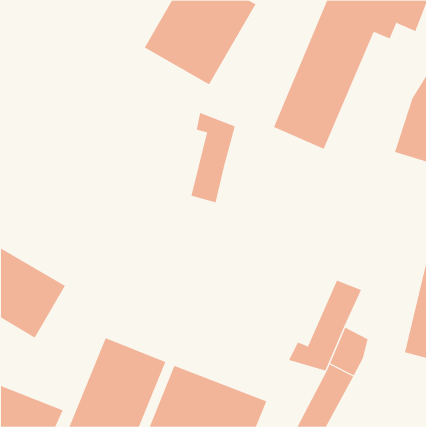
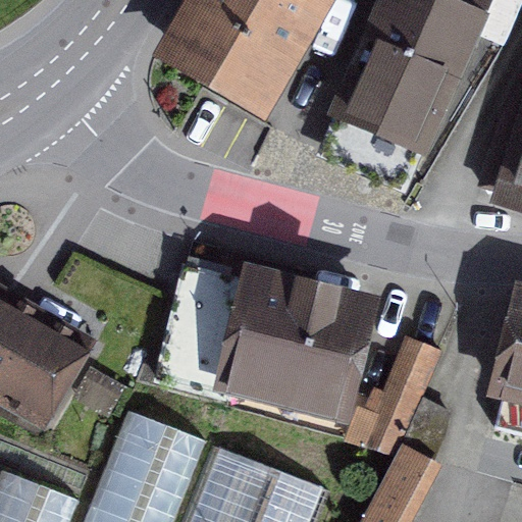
building: [191,112,235,203] -> none
building: none -> [160,270,363,400]

